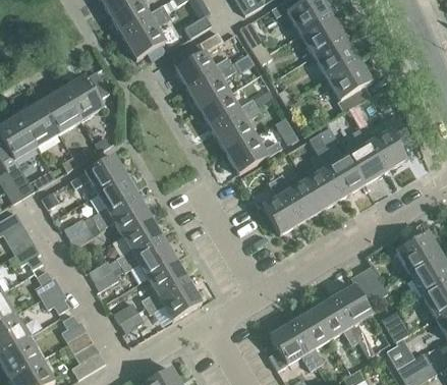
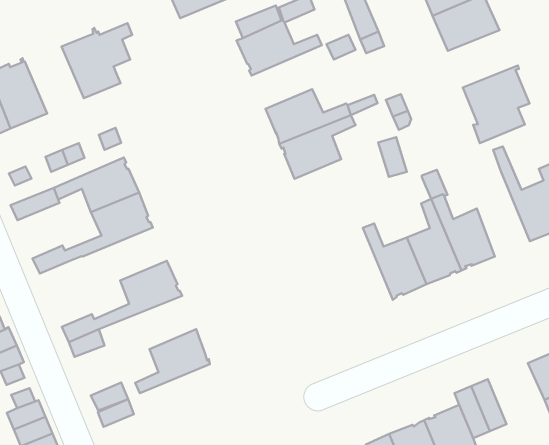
building: [314,37,358,77] -> none
building: [188,63,235,110] -> none
building: [40,87,81,133] -> none
building: [347,128,385,184] -> none
building: [226,135,282,174] -> none
building: [262,178,301,234] -> none
building: [69,198,151,248] -> none
building: [120,239,176,277] -> none
building: [146,281,202,320] -> none

